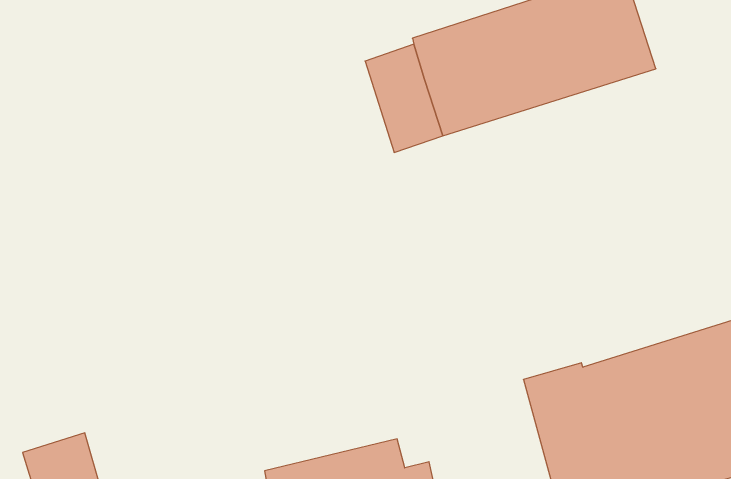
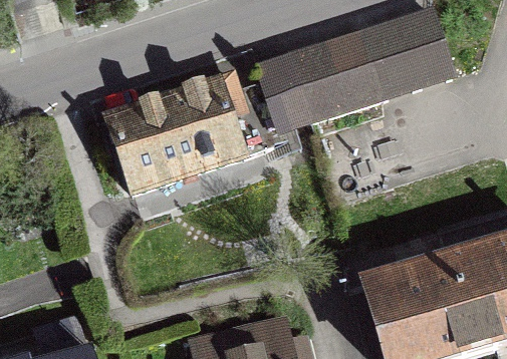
building: none -> [105,69,271,193]

